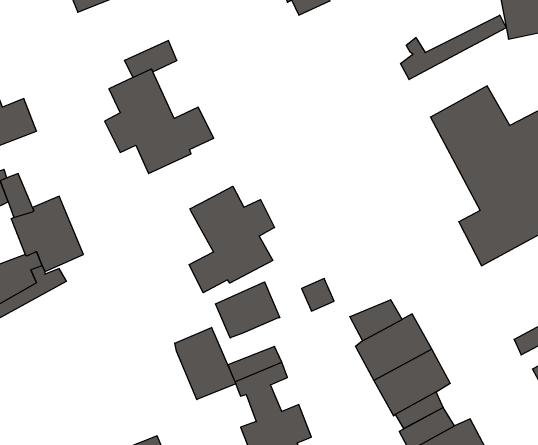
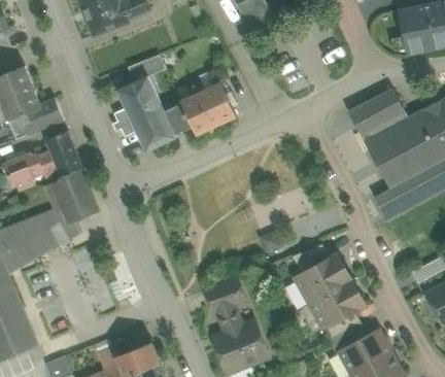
building: [401,15,506,80] -> none
building: none -> [181,83,236,134]
building: none -> [45,130,82,176]
building: [189,186,275,293] -> none
building: [215,282,280,338] -> none
building: [175,327,236,400] -> none

